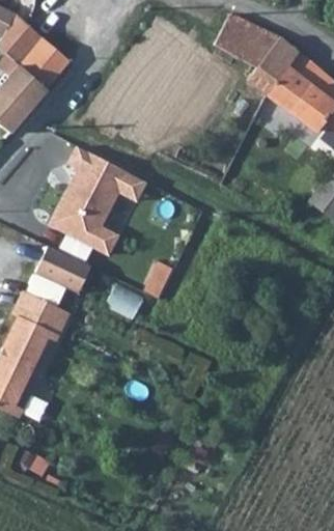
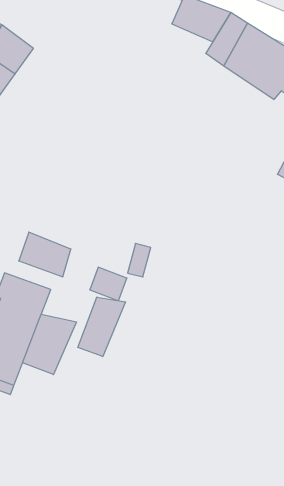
building: [45,151,140,261] -> none
building: none -> [78,297,126,357]
building: none -> [22,314,76,375]

